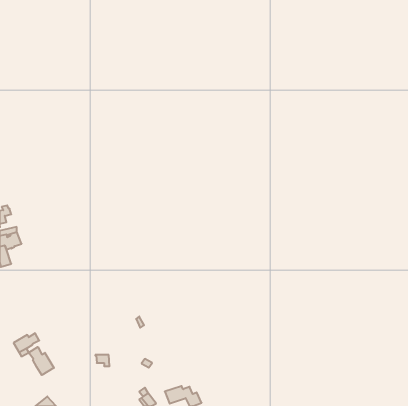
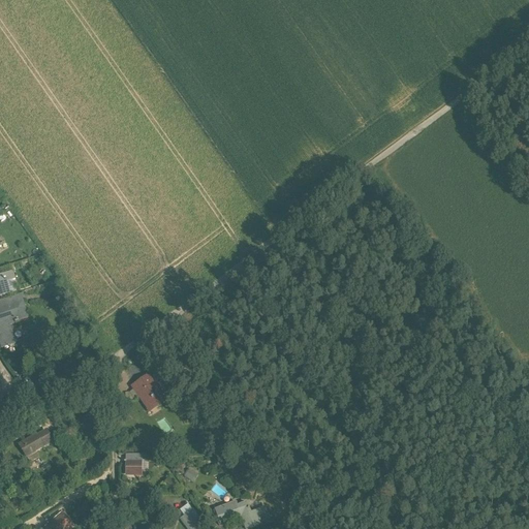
building: none -> [131,372,165,403]
building: [29,347,54,375] -> none

